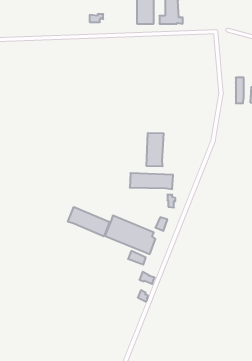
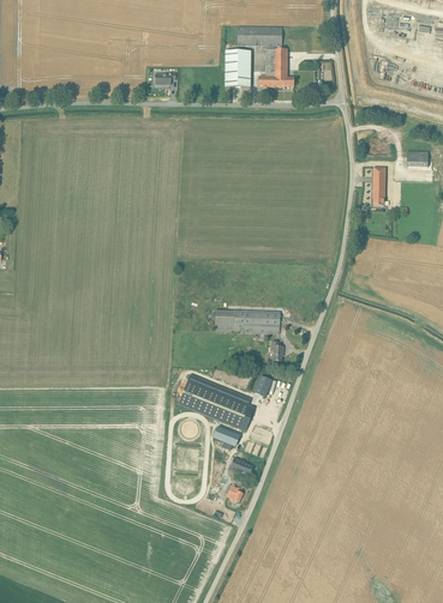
building: [147,133,164,166] -> none
building: [68,207,110,236] -> none

